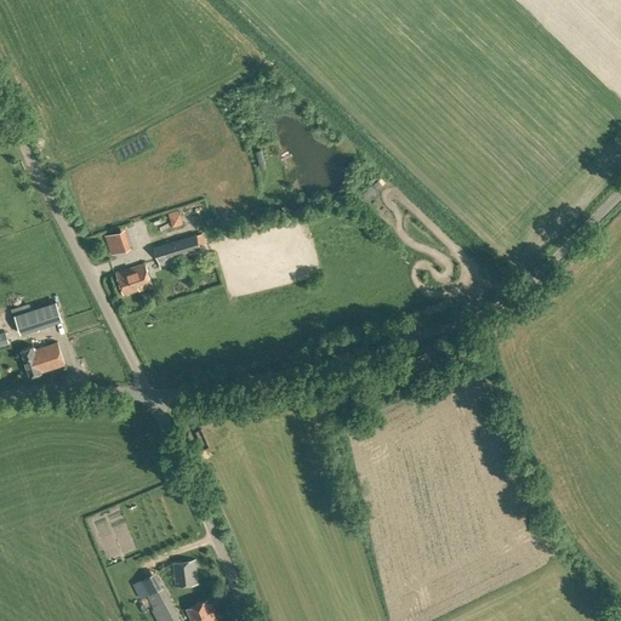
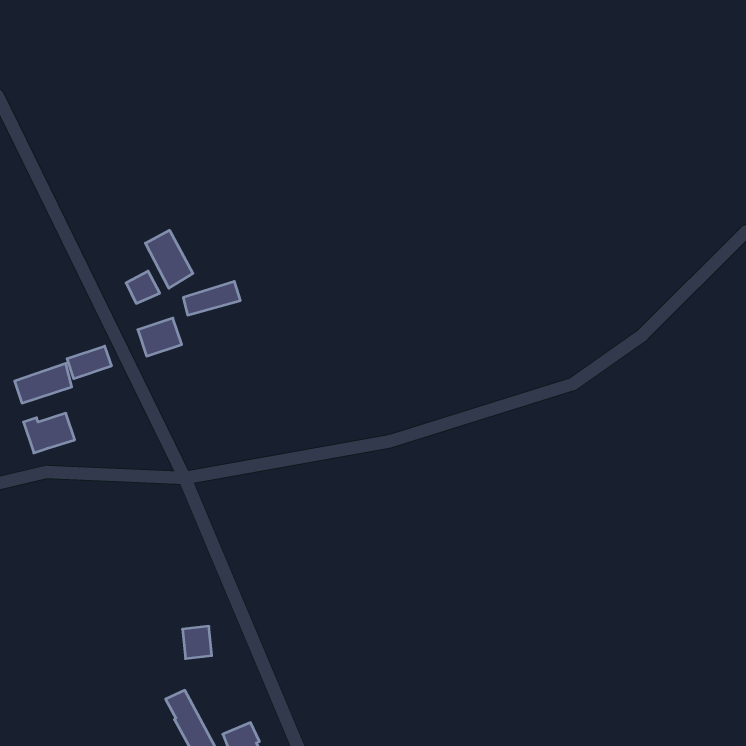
building: none -> [145,230,193,288]
building: none -> [67,346,111,379]
building: [171,562,195,588] -> [182,626,212,659]

